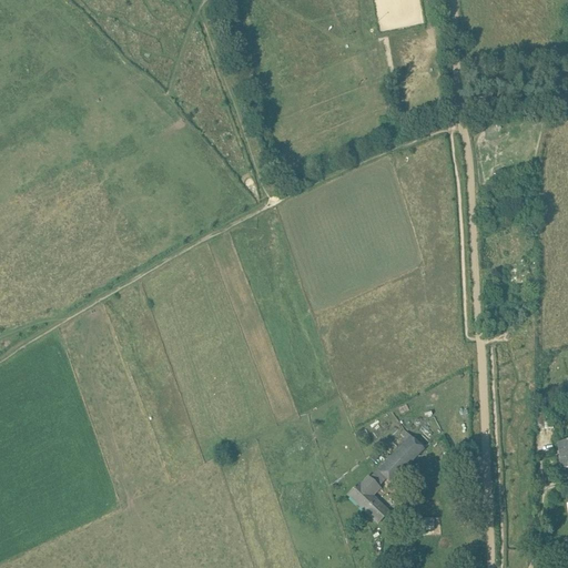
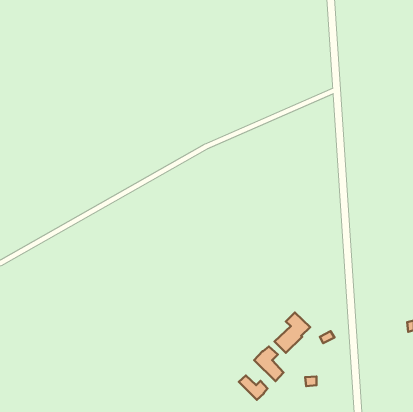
building: none -> [239,375,268,400]

